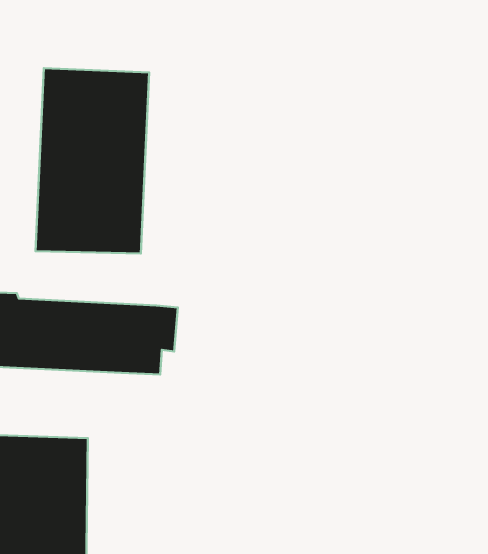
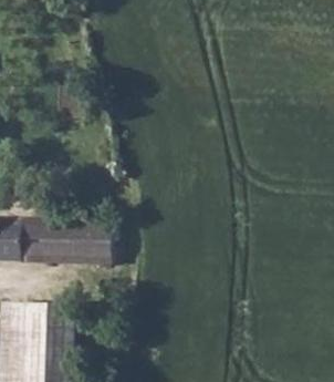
building: [36,68,149,253] -> none

